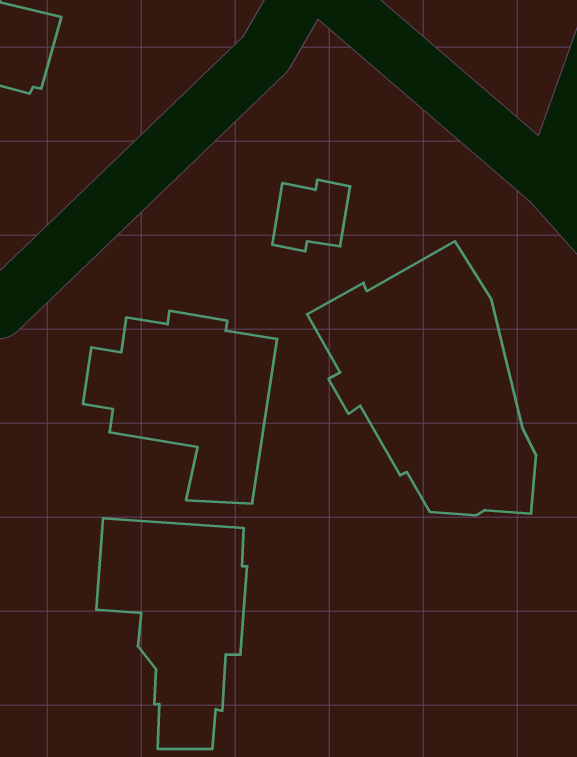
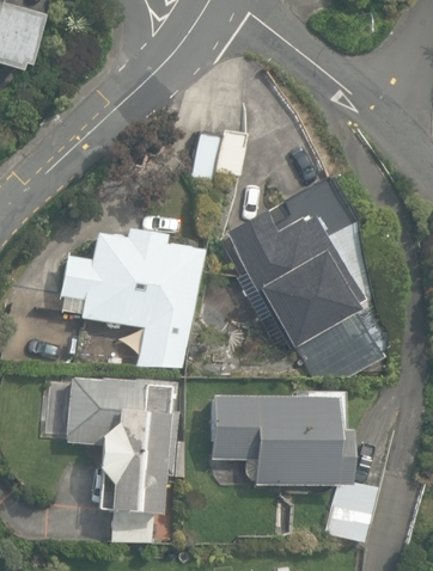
building: none -> [212,395,374,540]

